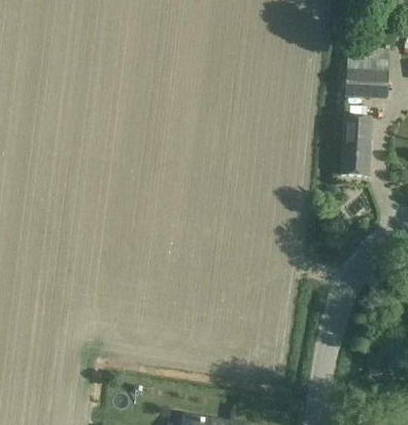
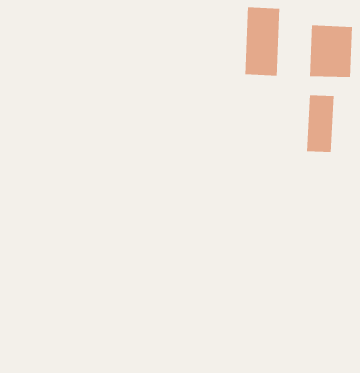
building: none -> [245,7,280,77]

